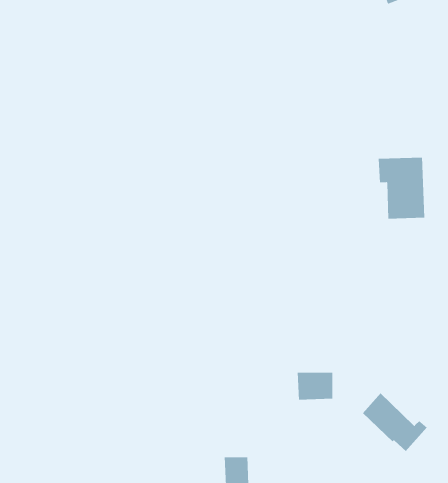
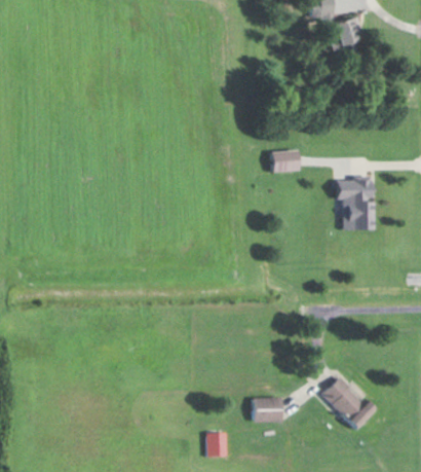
building: none -> [272,150,300,172]
building: [297,372,333,400] -> [252,398,282,422]

